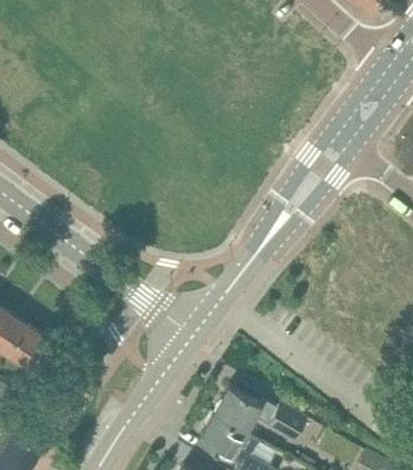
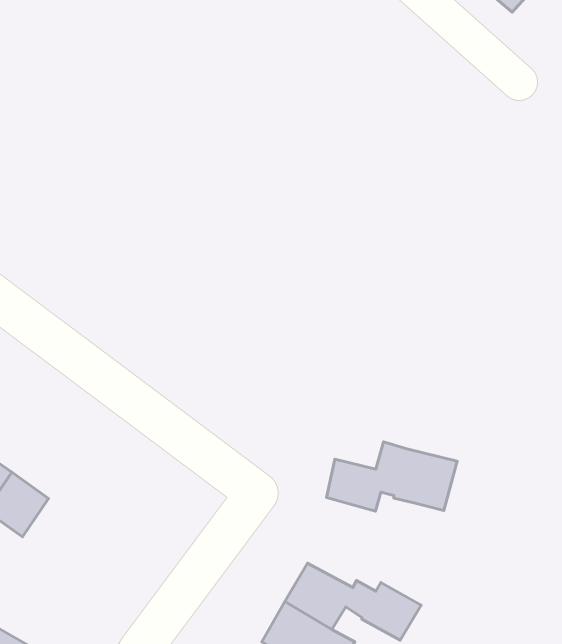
building: none -> [327,442,457,511]

